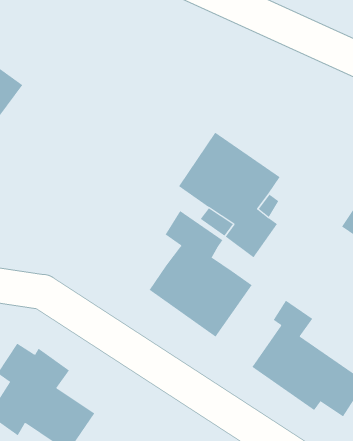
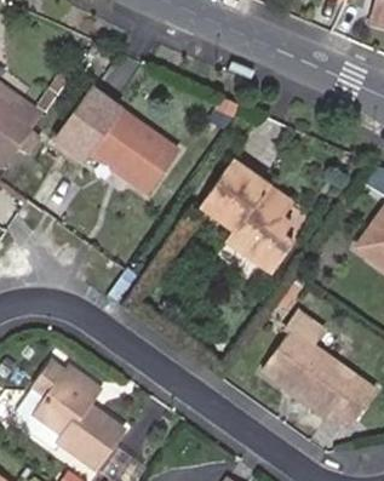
building: none -> [52,90,180,196]
building: [149,210,252,338] -> none

